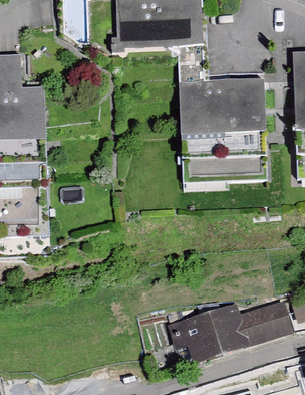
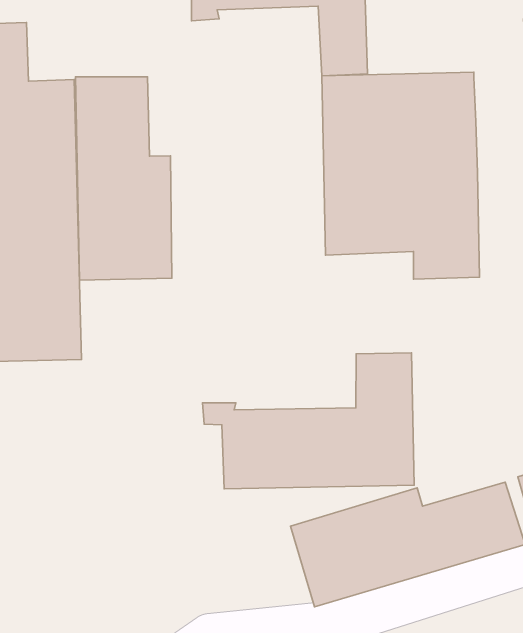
building: none -> [75,77,172,280]
building: none -> [203,353,414,489]

